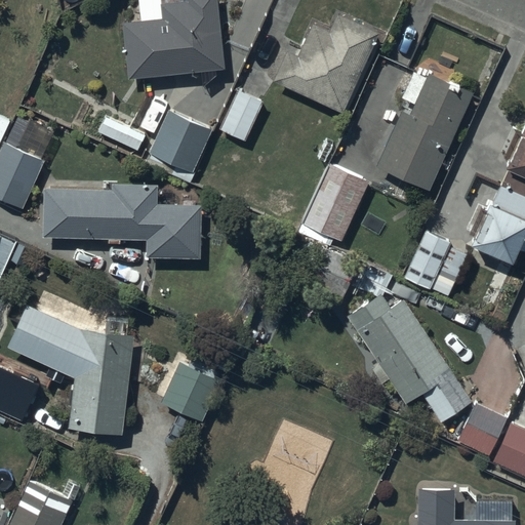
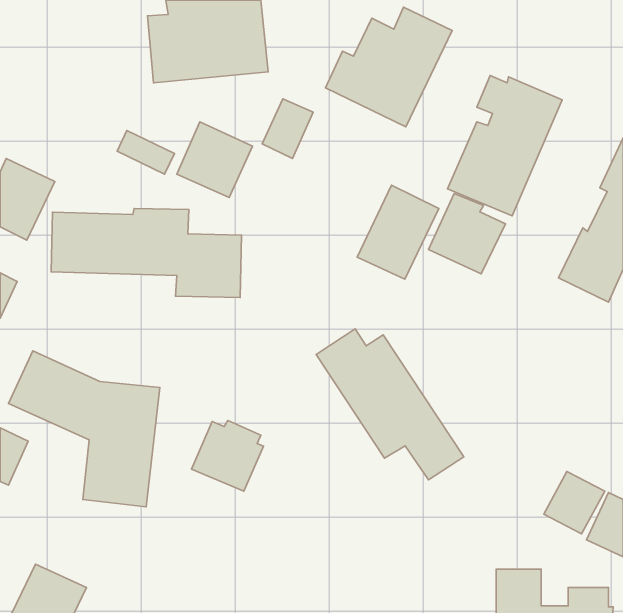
building: [404,230,469,297] -> [429,193,505,274]
building: [348,294,472,421] -> [316,329,464,480]

